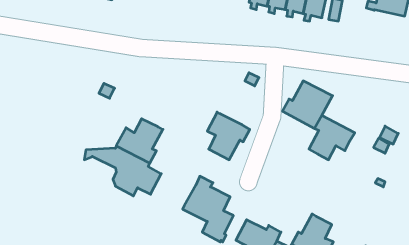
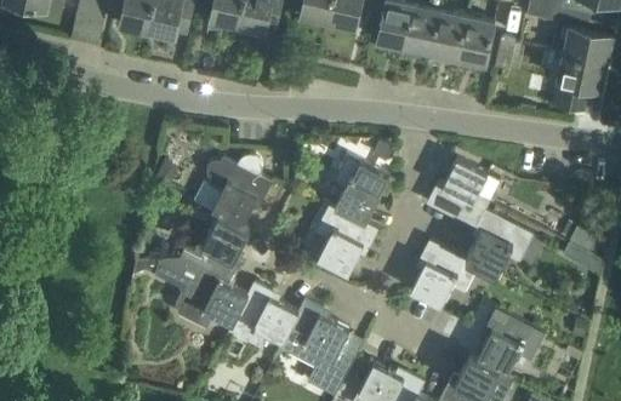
building: none -> [552,53,608,108]
building: none -> [206,155,273,227]
building: none -> [332,155,395,223]
building: none -> [410,241,479,308]
building: none -> [229,282,298,345]
building: none -> [477,309,543,374]

